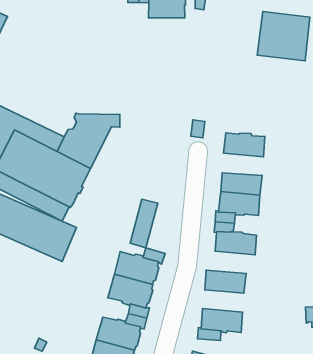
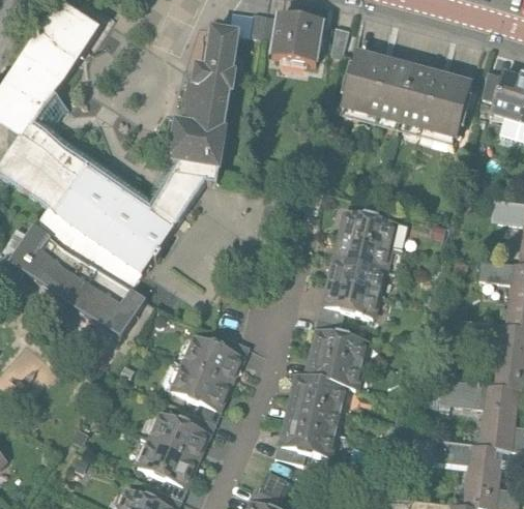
building: none -> [169,27,239,168]
building: none -> [342,51,414,119]
building: none -> [336,234,389,268]
building: [130,199,158,248] -> none
building: none -> [308,353,361,388]
building: none -> [287,398,341,432]

